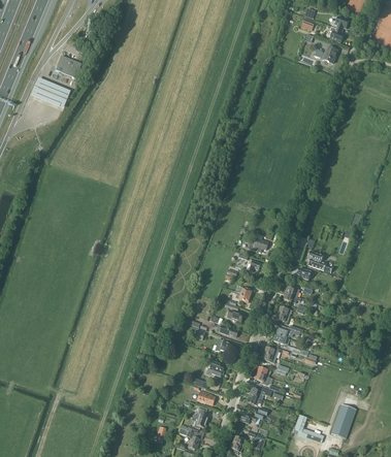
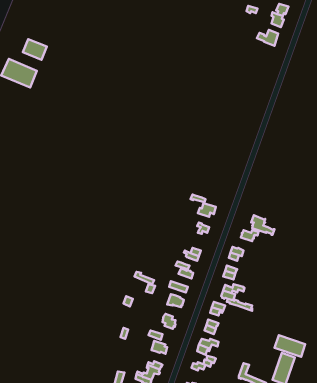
building: none -> [275,335,305,357]

